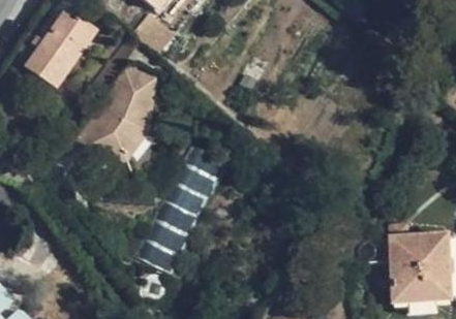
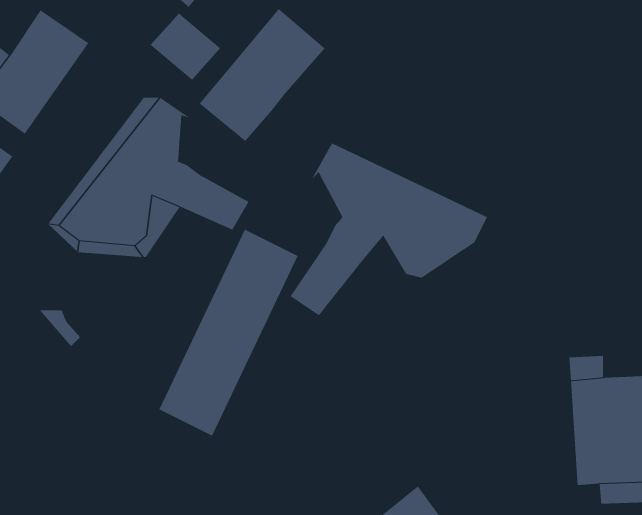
building: none -> [199,8,325,142]
building: none -> [290,142,488,316]

